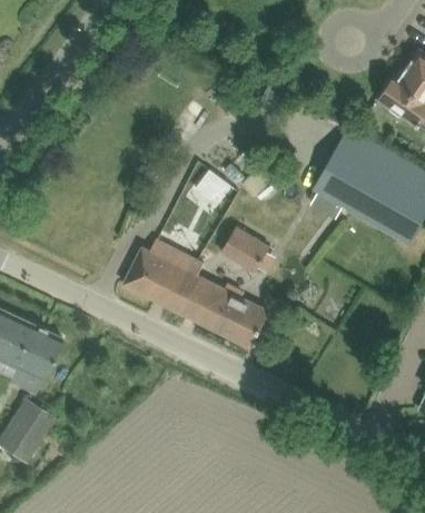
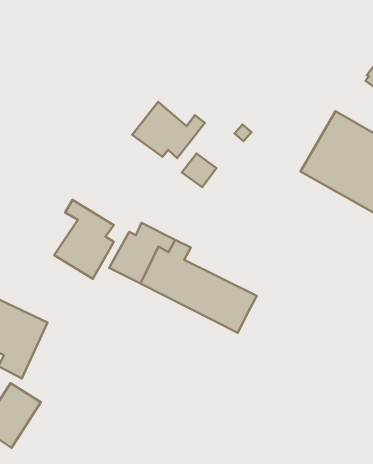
building: none -> [132,102,205,158]
building: none -> [54,200,114,279]
building: [220,226,270,272] -> none

